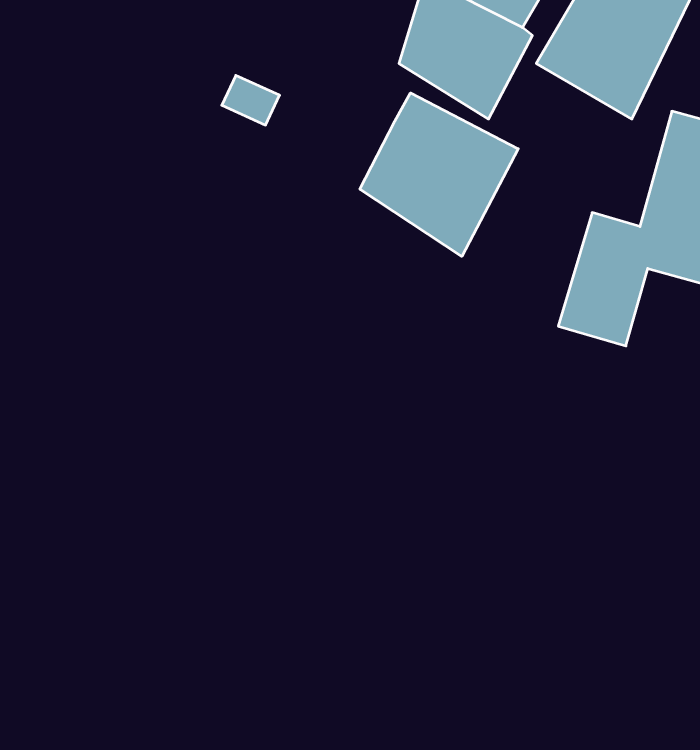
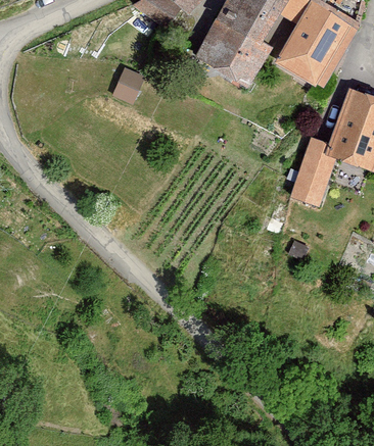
building: [360,93,518,256] -> none

